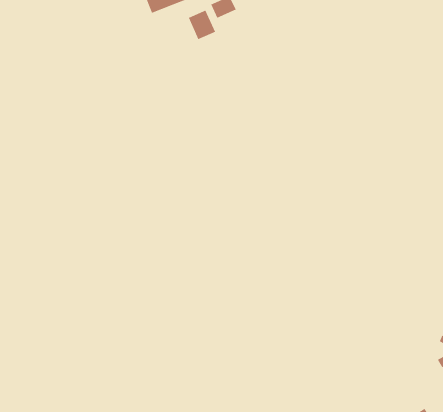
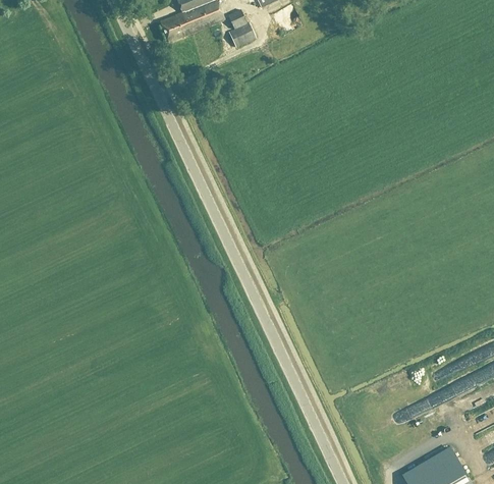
building: [188,10,216,40] -> none

